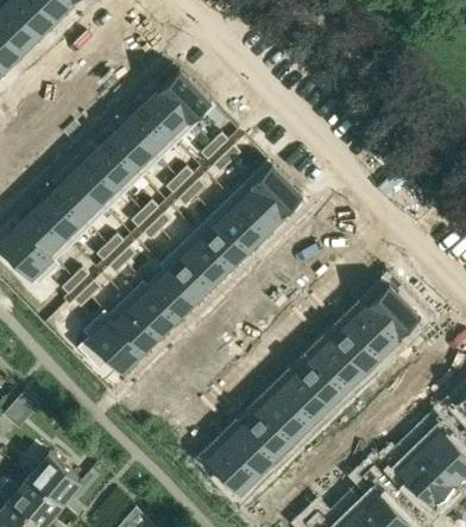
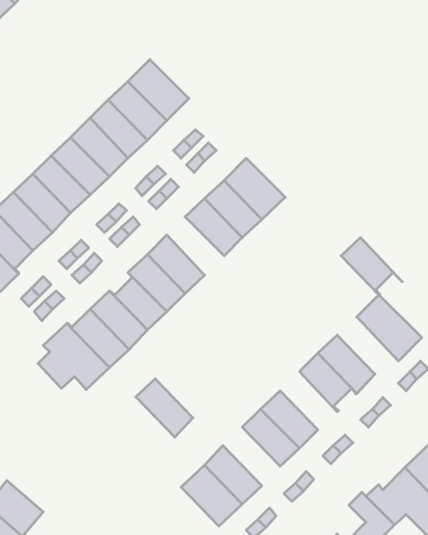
building: [195,214,247,267] -> none
building: [351,305,407,357] -> [341,238,402,295]
building: [298,355,351,408] -> none
building: [246,406,298,459] -> [136,379,193,437]

